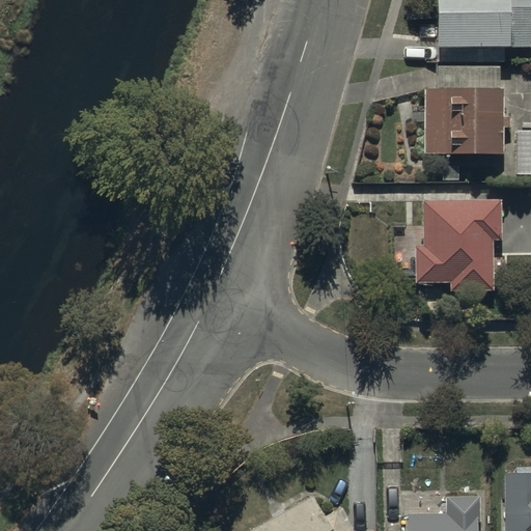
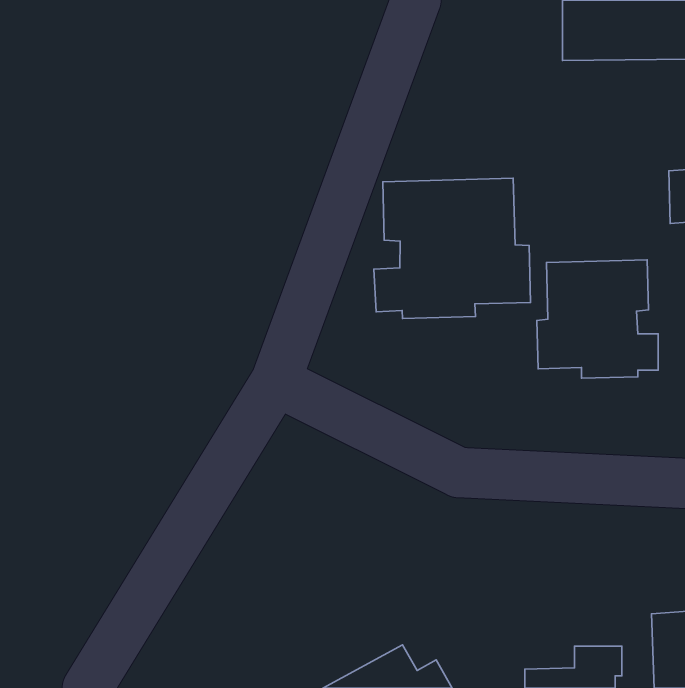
building: [424,65,510,155] -> none
building: none -> [374,178,531,318]

